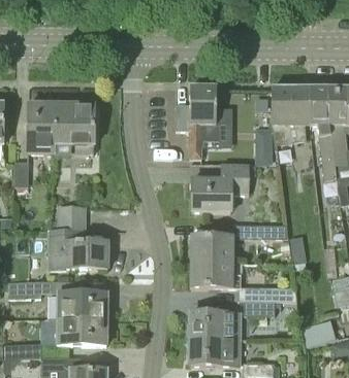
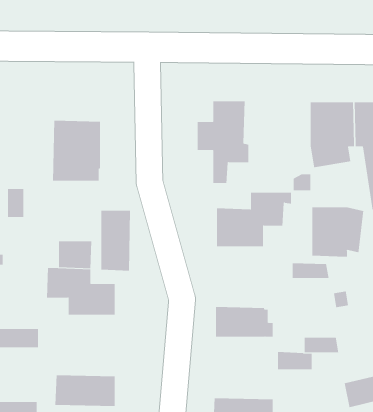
building: [28,103,54,154] -> [101,210,131,271]
building: none -> [312,206,364,257]
building: [191,236,233,262] -> none
building: [56,293,106,319] -> none
building: [190,312,242,339] -> none

